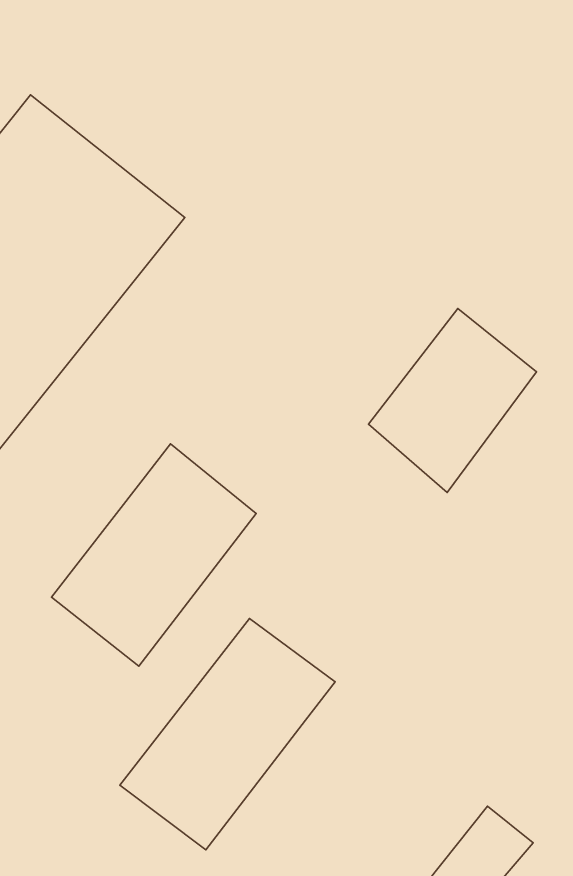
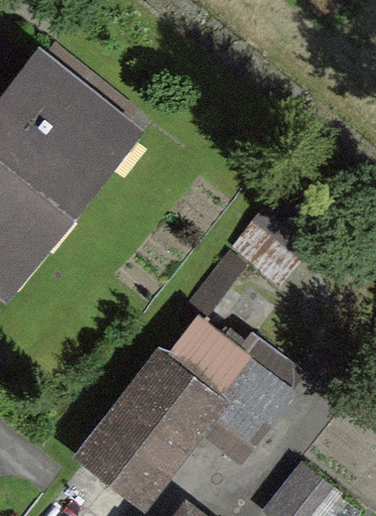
building: [52,444,256,666] -> none
building: none -> [166,319,302,453]

